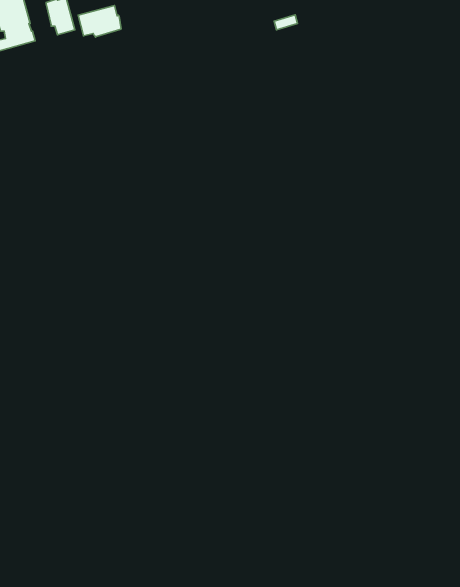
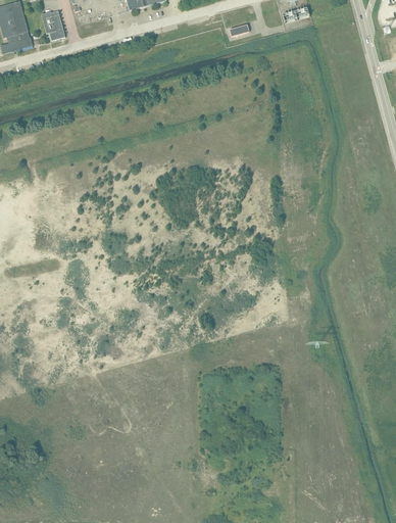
building: [78,5,121,37] -> none

